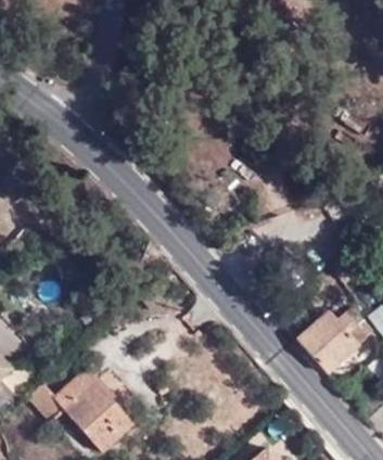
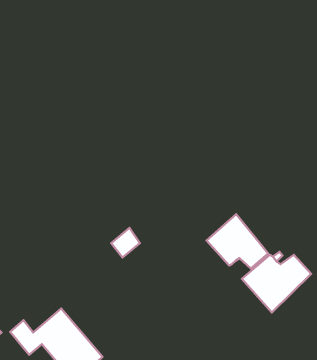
building: none -> [206,214,268,269]

